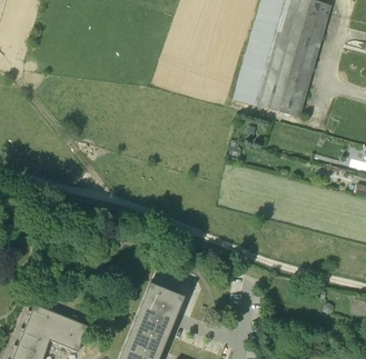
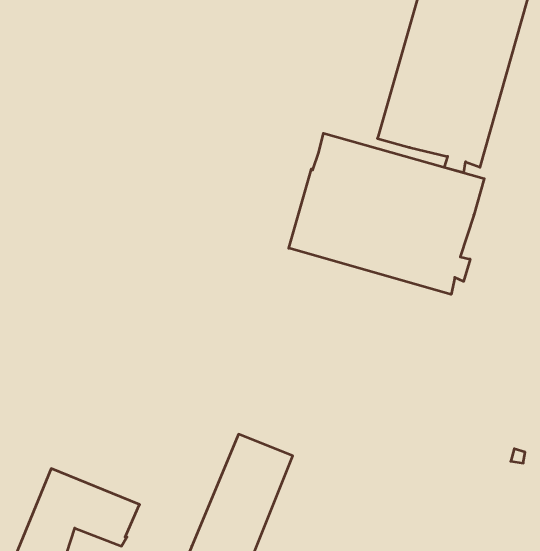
building: none -> [289,133,484,294]

